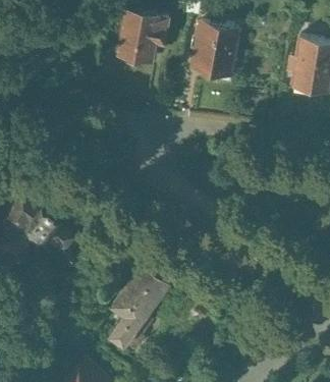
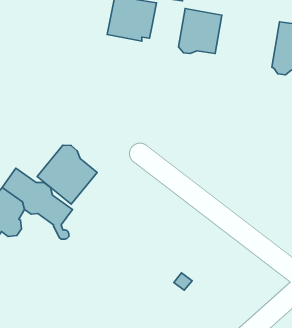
building: none -> [37,145,97,204]
building: [110,270,168,353] -> none

